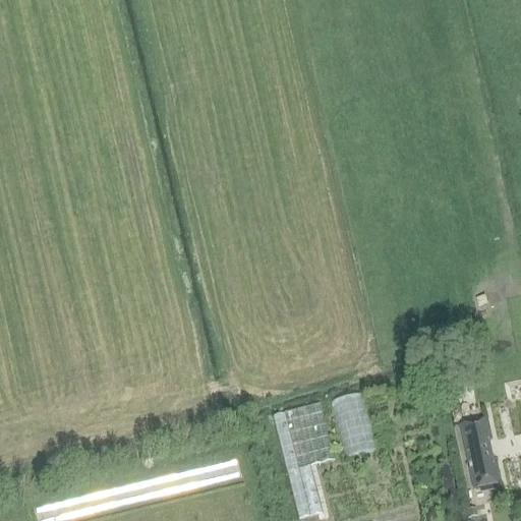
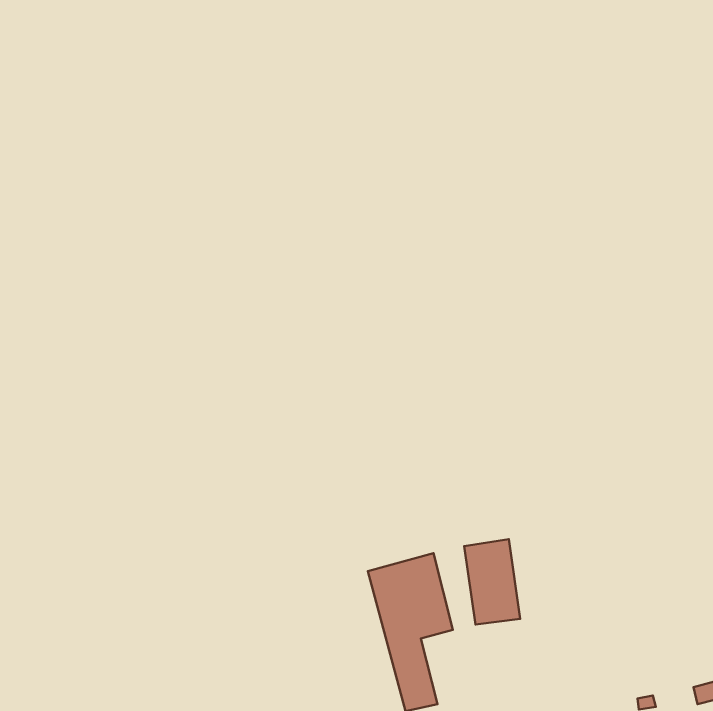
building: [461,418,501,486] -> none

